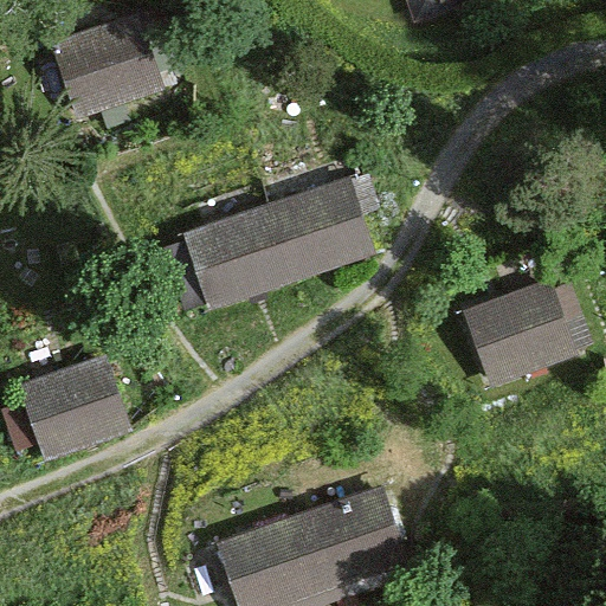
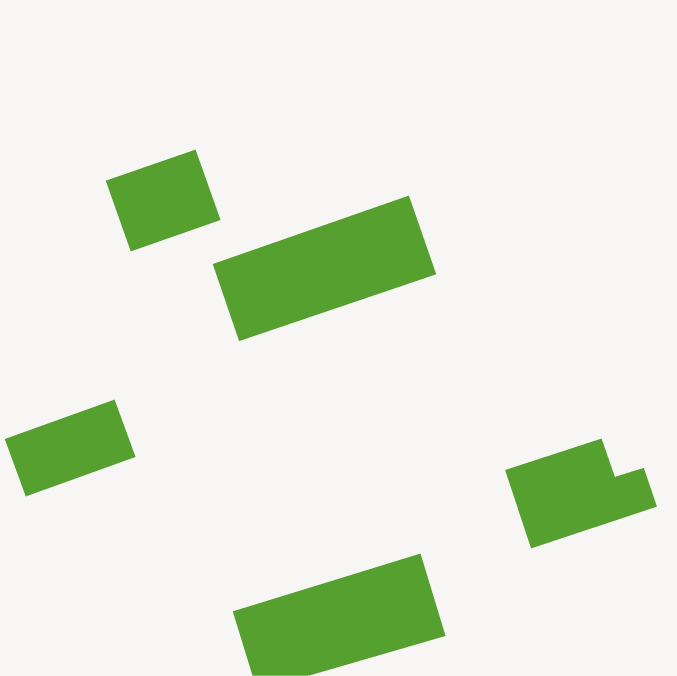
building: [64,11,168,103] -> [105,149,221,252]
building: [459,289,597,388] -> [504,438,658,549]

